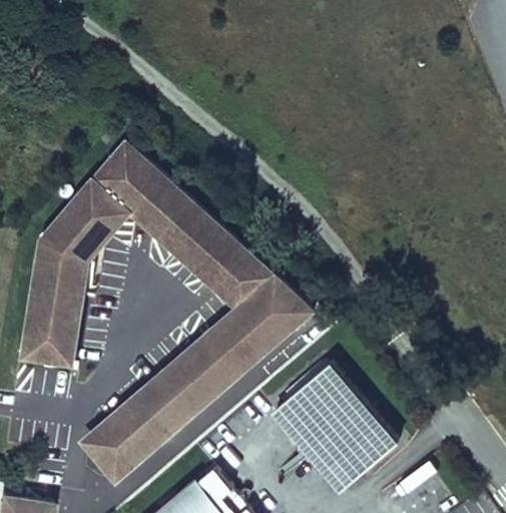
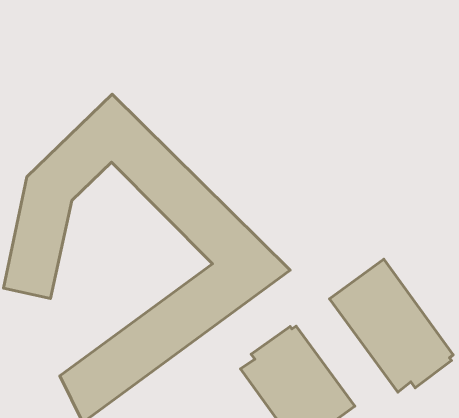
building: none -> [329,259,453,392]

